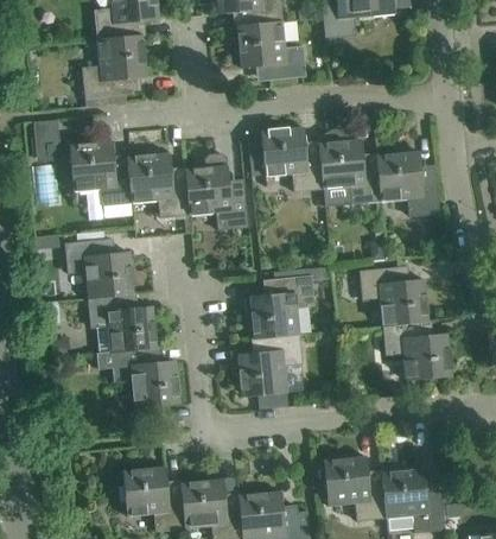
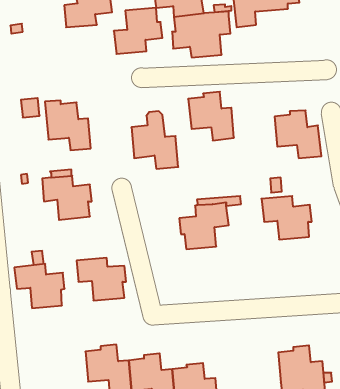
building: [82,36,147,97] -> [114,8,162,54]
building: [319,128,381,203] -> none
building: [127,152,189,217] -> none
building: [88,293,155,353] -> [14,264,65,308]
building: [383,321,450,380] -> none
building: [237,334,303,395] -> none
building: [324,455,386,519] -> none

